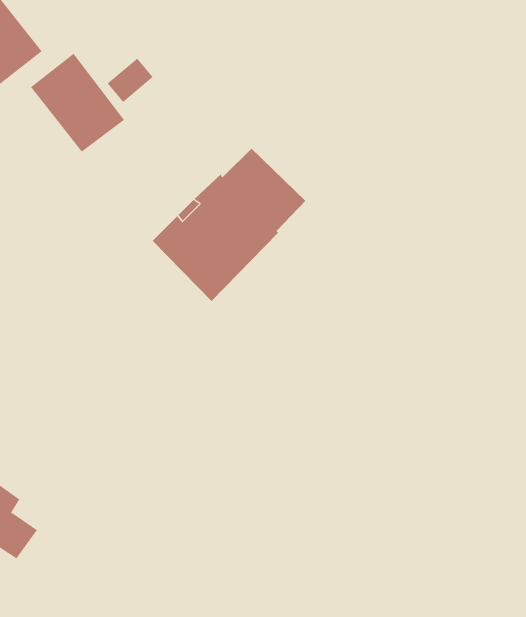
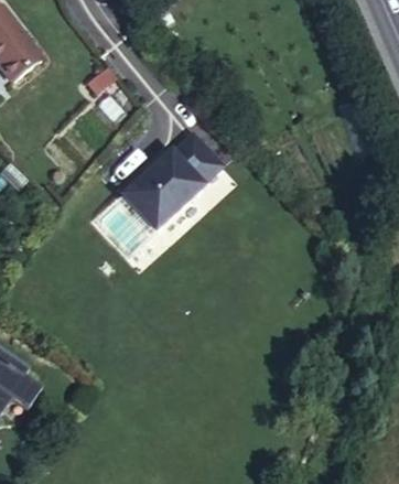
building: [30,53,125,153] -> none

